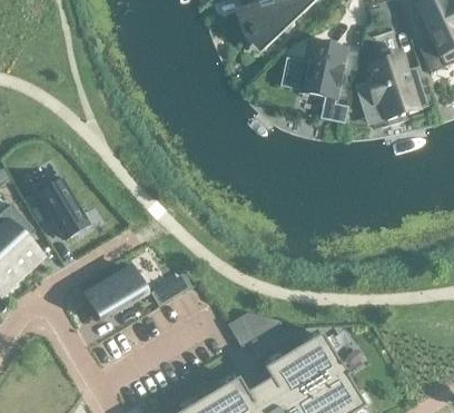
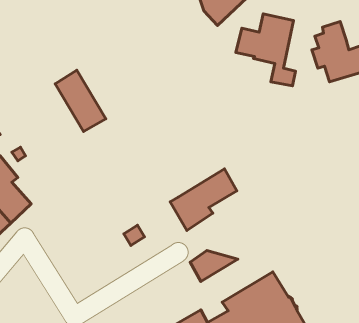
building: [33,170,91,240] -> [55,70,106,131]
building: none -> [170,169,237,230]
building: [82,264,149,323] -> none

